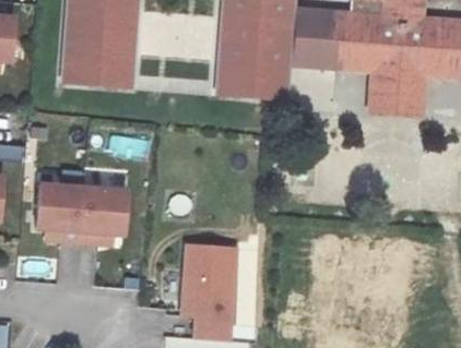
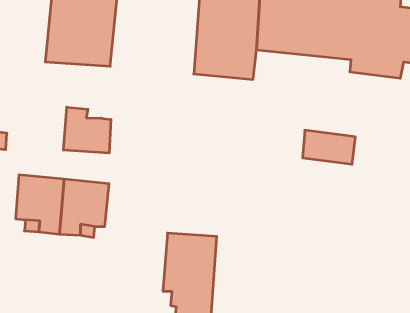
building: [367,84,419,118] -> [303,130,355,164]
building: none -> [63,107,111,153]

